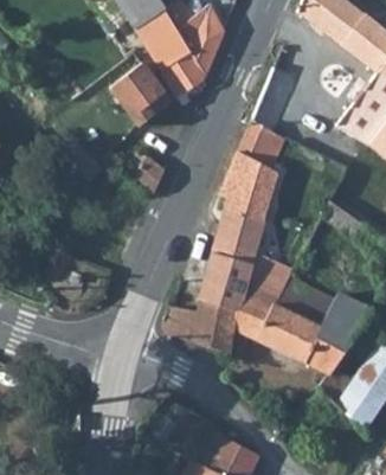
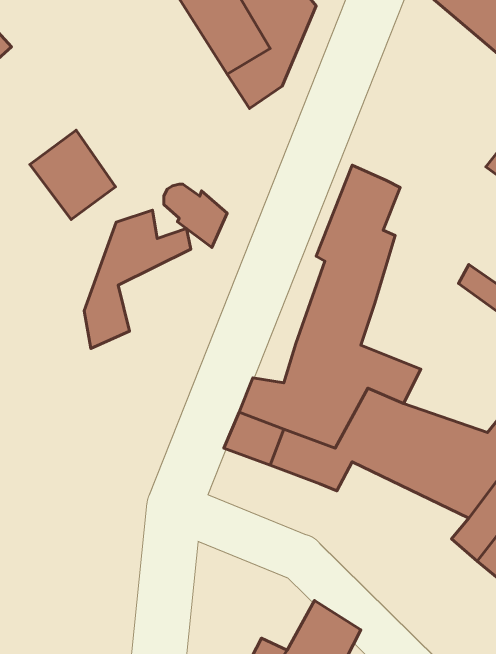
building: [108,54,167,116] -> [30,130,116,219]
building: [250,71,298,140] -> none
building: none -> [84,210,191,348]

